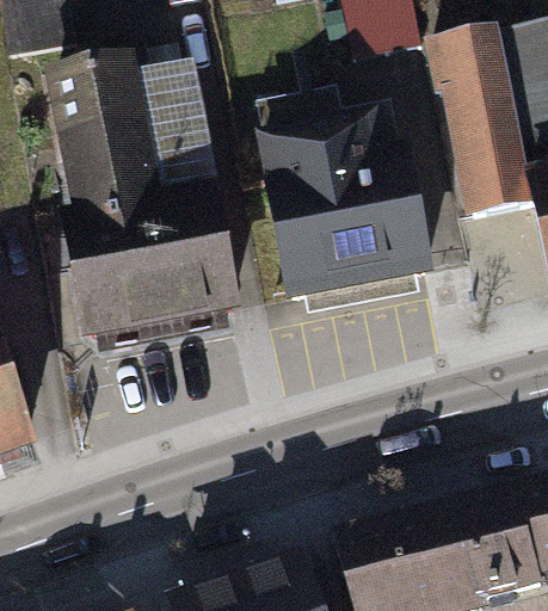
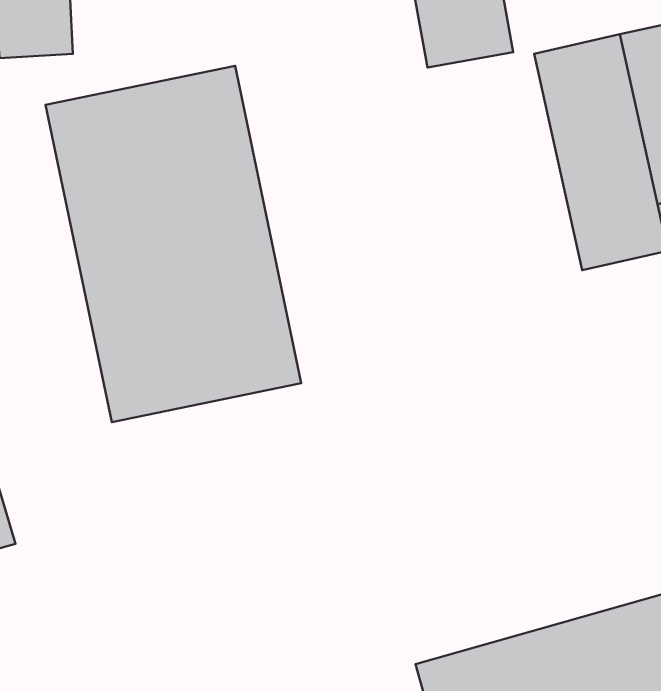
building: [255,116,435,300] -> none

